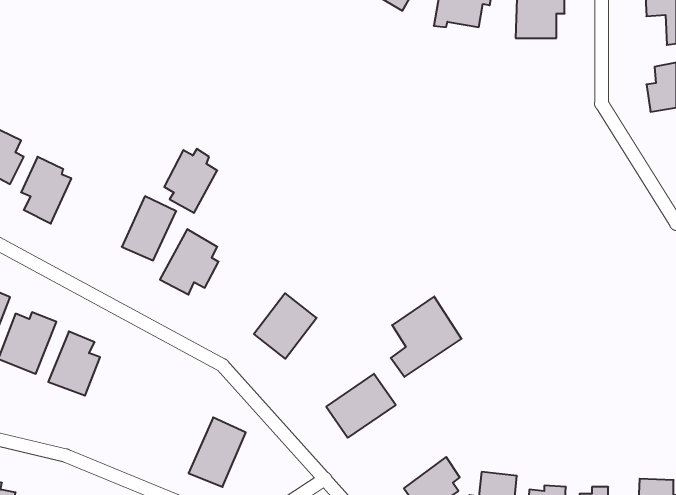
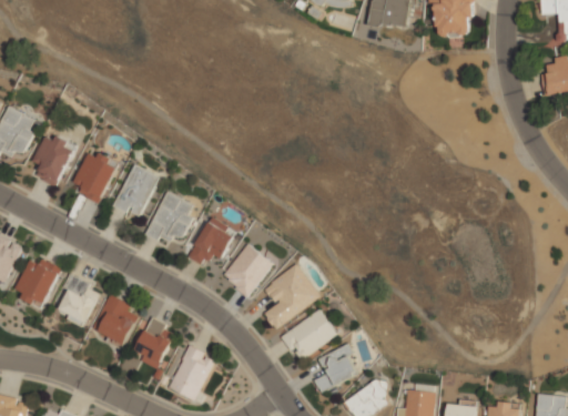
building: [164,149,217,213] -> [73,151,116,203]
building: none -> [187,216,236,266]
building: [391,296,462,377] -> [263,263,321,328]
building: none -> [97,294,136,348]
building: none -> [133,317,175,368]
building: none -> [314,343,357,393]

